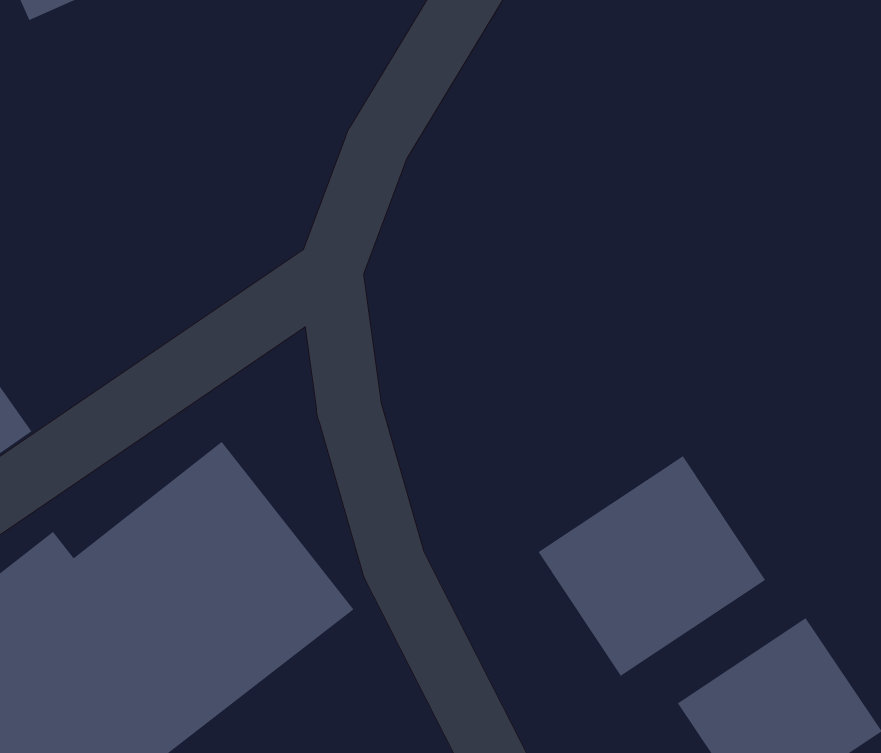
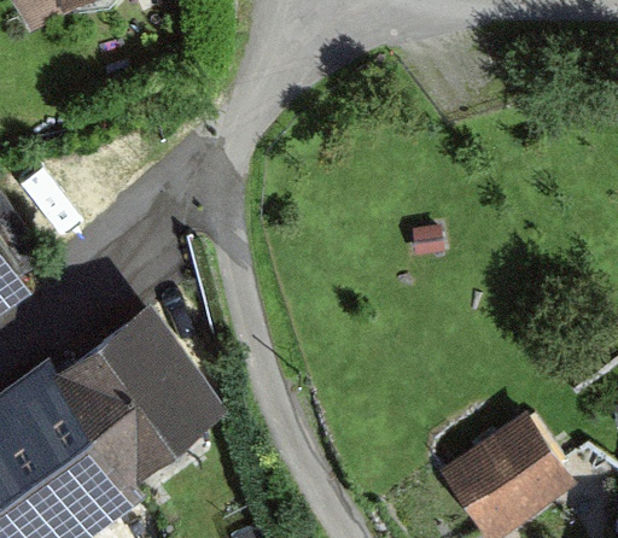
building: [537,455,766,677] -> none

